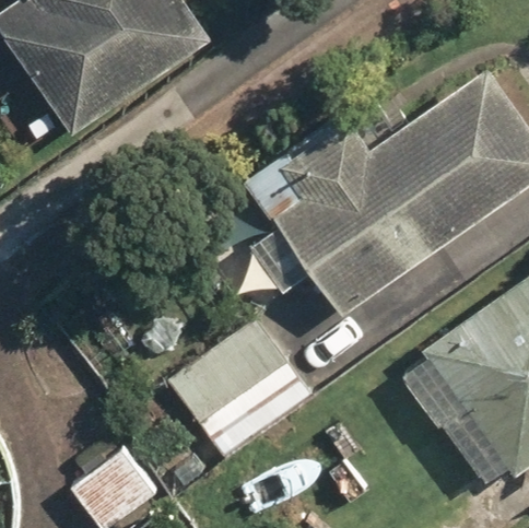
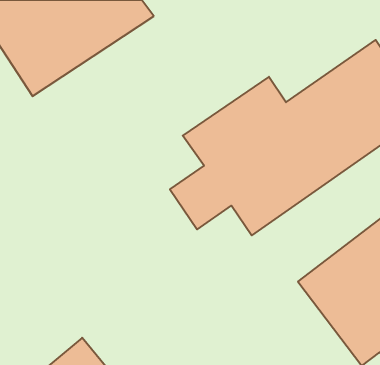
building: [174,319,315,458] -> none

